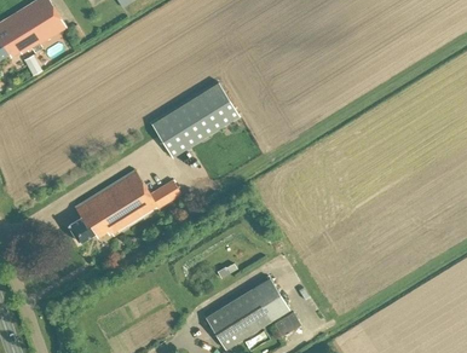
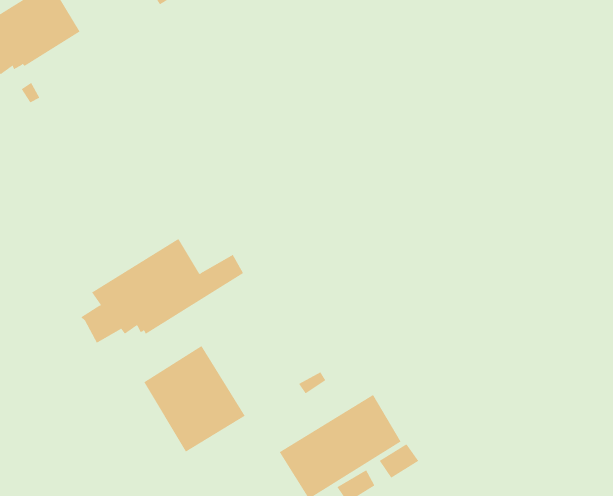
building: [150,82,238,157] -> none
building: none -> [143,345,245,452]

